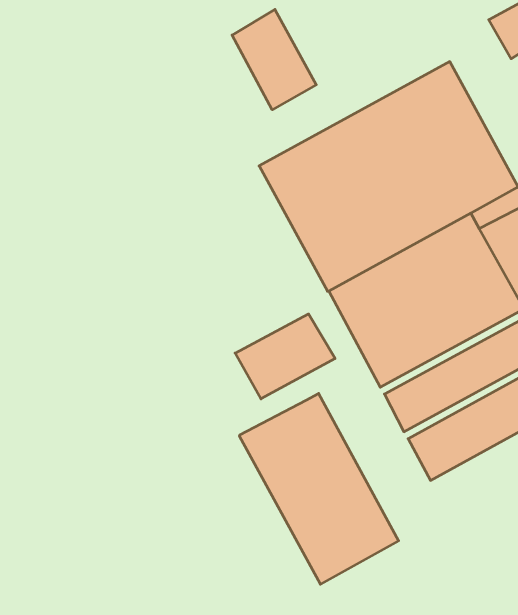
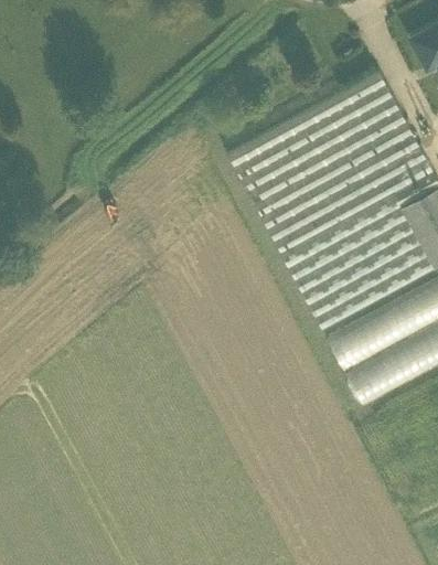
building: [232,9,316,110] -> none
building: [235,314,335,399] -> none
building: [239,393,399,584] -> none

